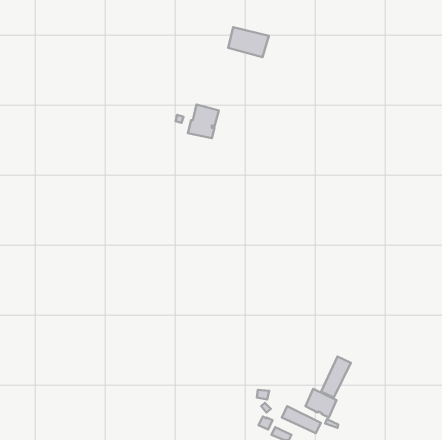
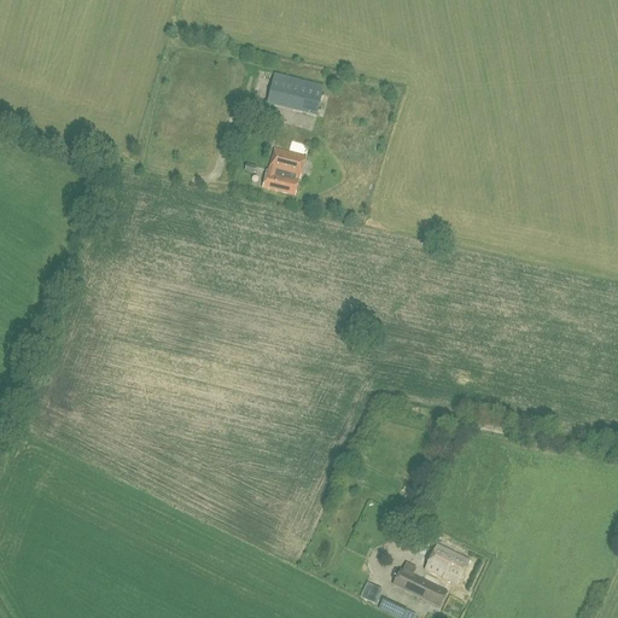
building: [228,27,269,57] -> [268,72,325,115]
building: [321,356,351,397] -> none

